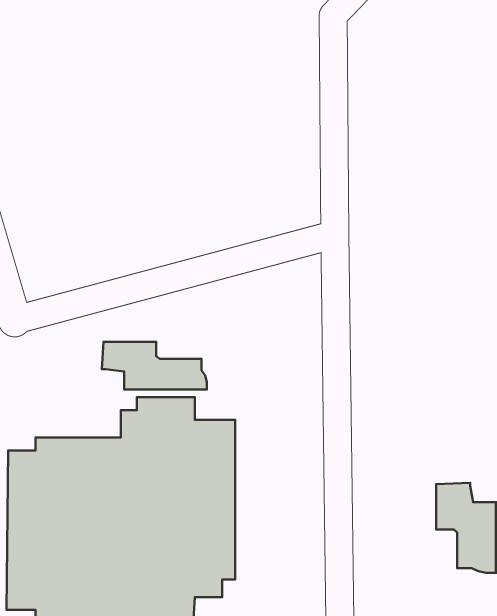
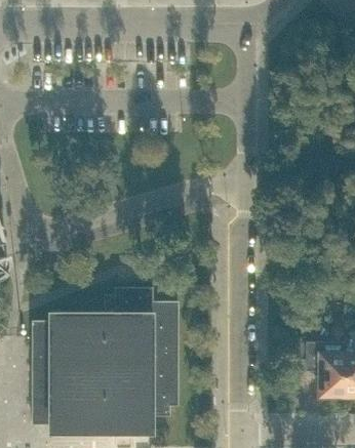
building: [102,342,207,390] -> none

